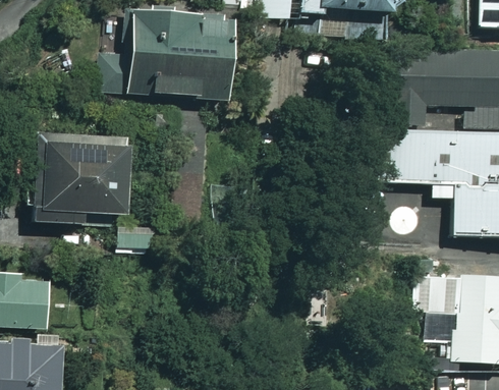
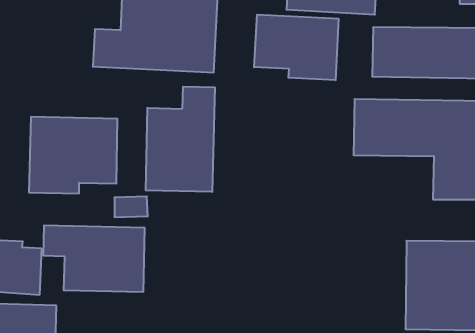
building: none -> [254,15,338,80]
building: none -> [146,87,215,192]
building: none -> [43,225,145,292]

